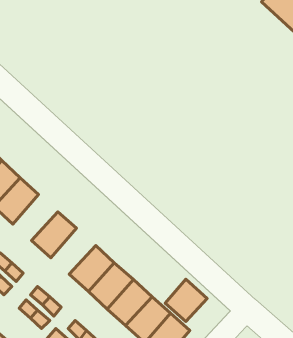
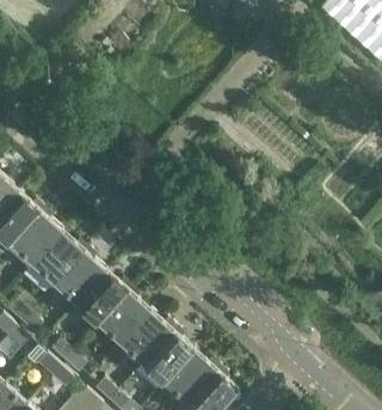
building: none -> [31,231,84,284]
building: none -> [75,270,128,324]
building: [165,279,207,321] -> none

